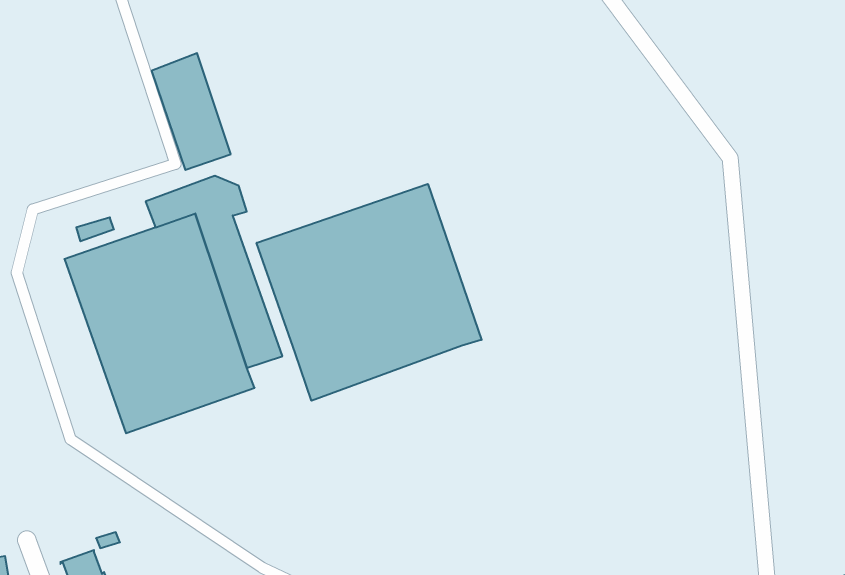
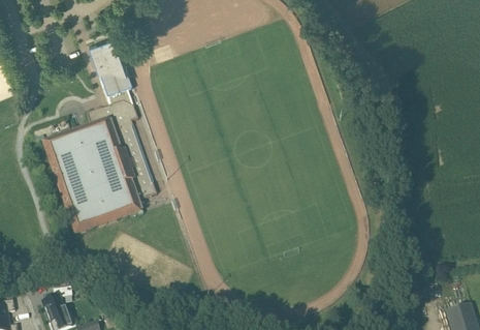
building: [257,184,482,401] -> none

